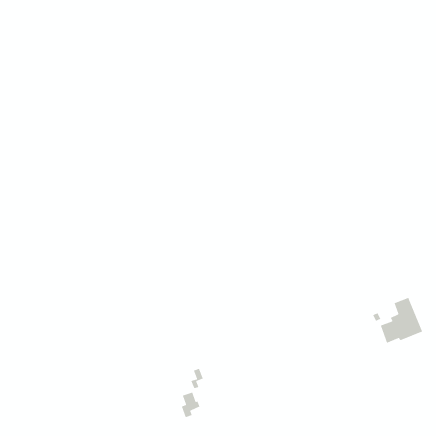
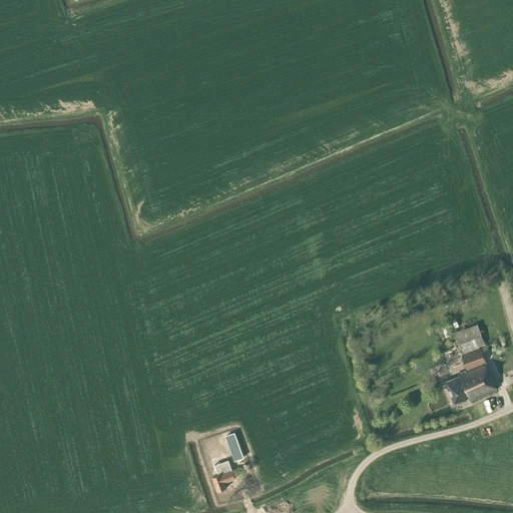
building: none -> [453,324,485,355]

